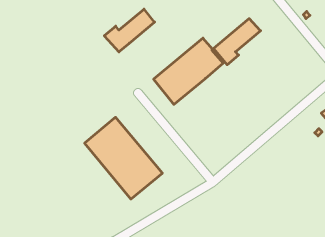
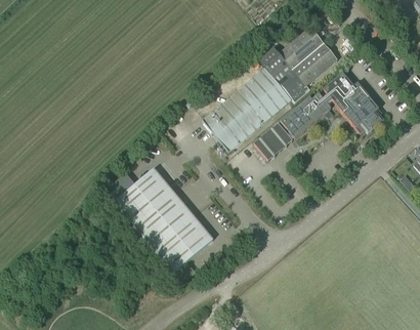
building: [104,9,155,52] -> [259,28,323,82]
building: none -> [253,74,381,161]

